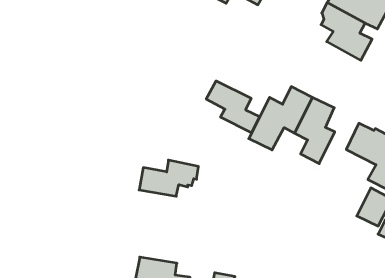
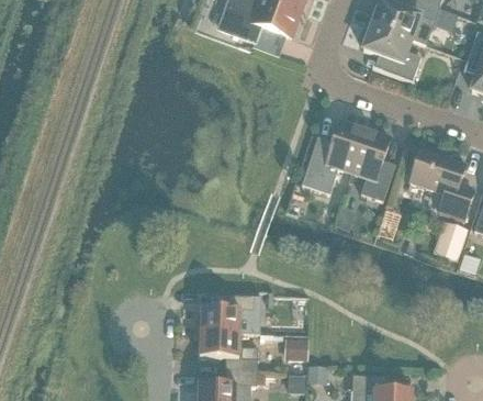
building: [206,81,259,133] -> none
building: [139,160,198,196] -> [201,294,262,333]

